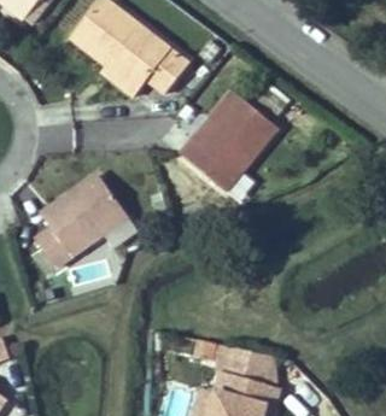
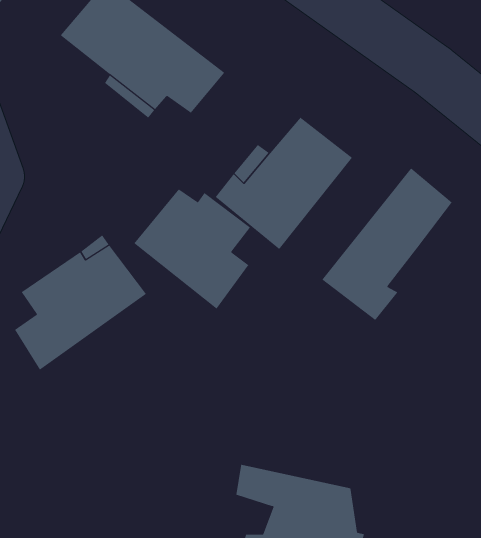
building: none -> [322,168,453,321]
building: none -> [133,189,251,310]

